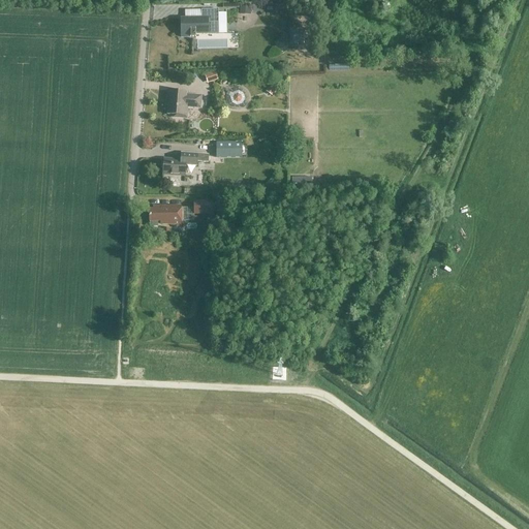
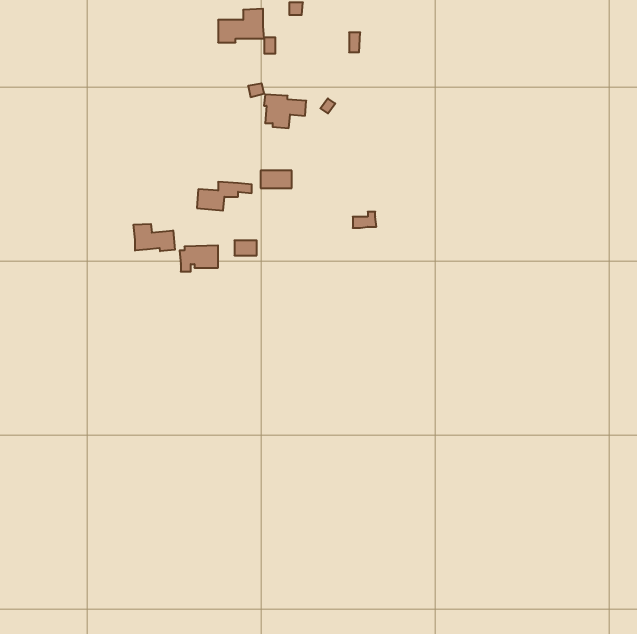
building: [166,89,201,117] -> [264,94,306,128]
building: none -> [134,224,175,251]

